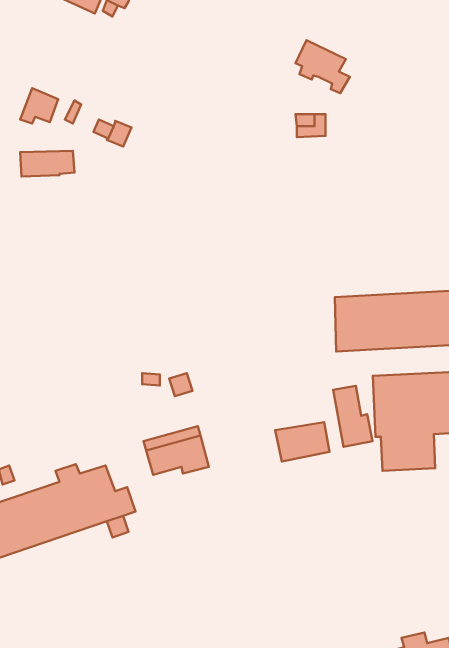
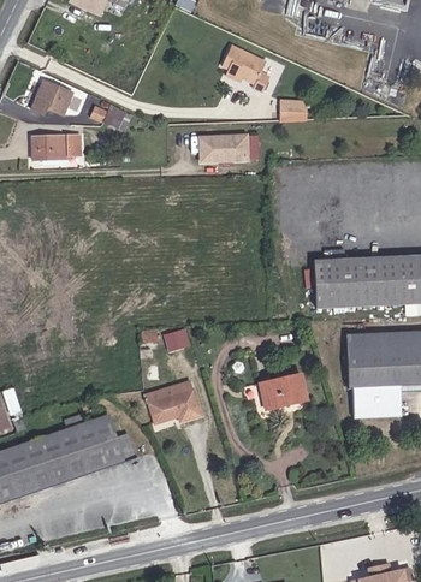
building: [296,40,350,93] -> [220,47,268,94]
building: none -> [200,138,245,164]
building: [333,386,372,447] -> none

